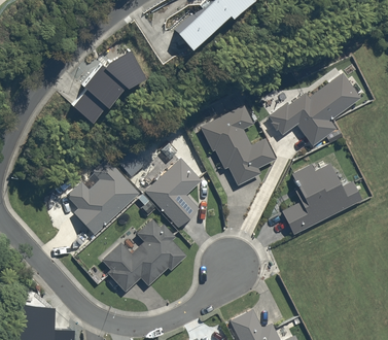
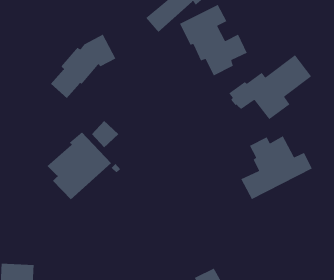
building: [200,105,276,185] -> [179,4,248,76]
building: [140,142,202,227] -> none
building: [101,218,186,292] -> none

